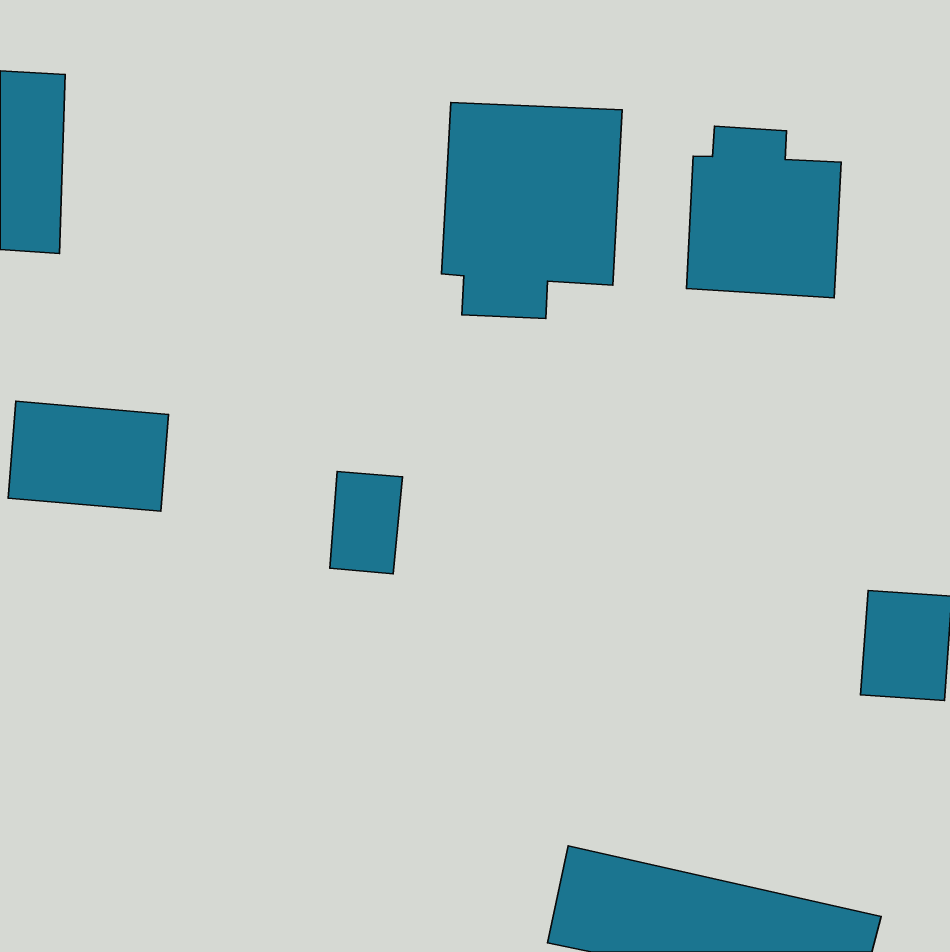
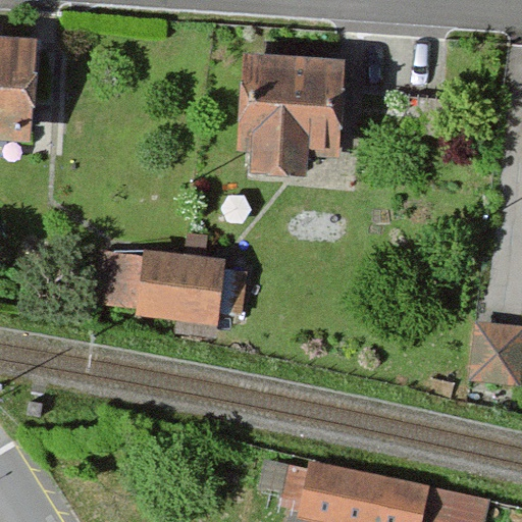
building: [686,126,841,298] -> none
building: [8,401,168,511] -> [98,251,186,311]

